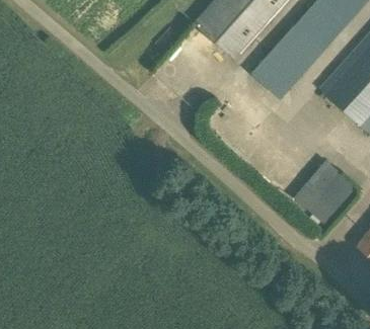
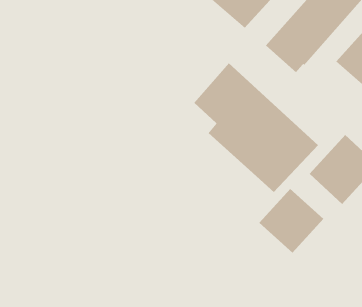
building: none -> [193,62,319,193]
building: none -> [259,188,324,253]

